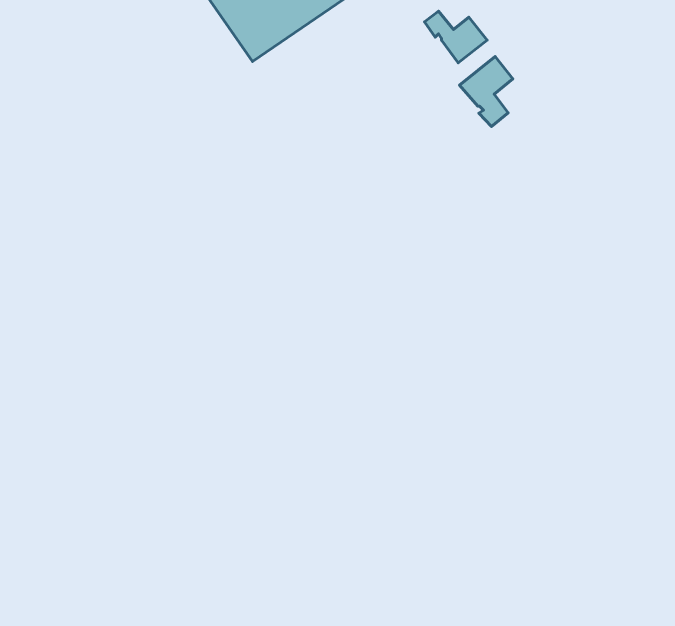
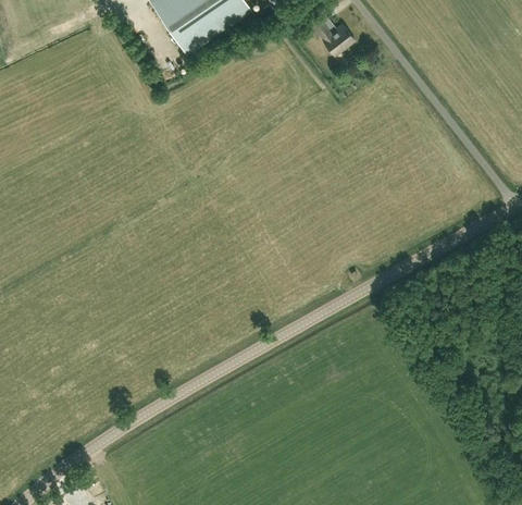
building: [459,56,513,126] -> none

